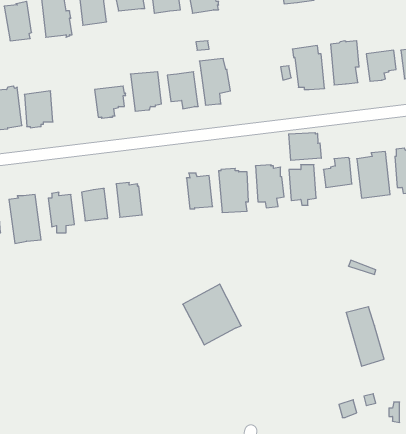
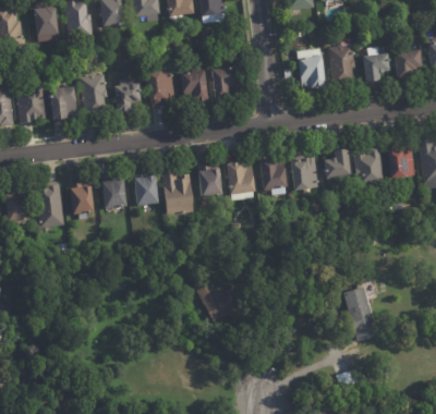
building: none -> [81,76,109,117]
building: [289,133,321,160] -> none
building: none -> [162,171,194,216]

